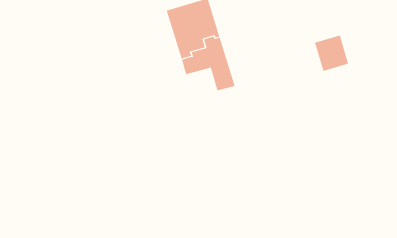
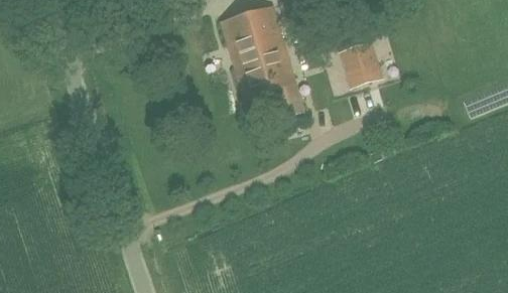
building: [314,35,349,71] -> [340,41,381,85]

